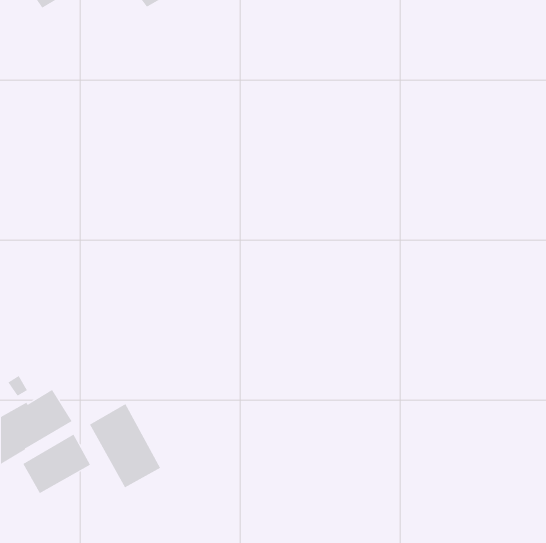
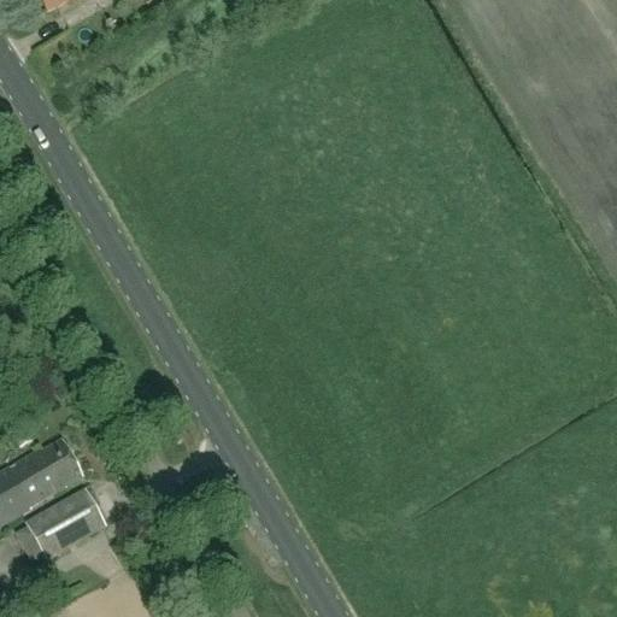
building: [89,403,161,488] -> none

